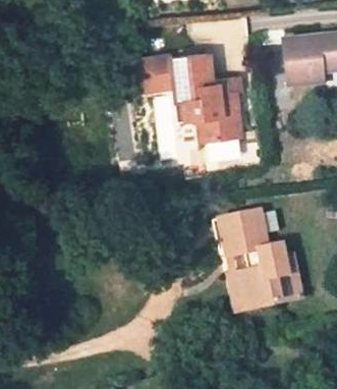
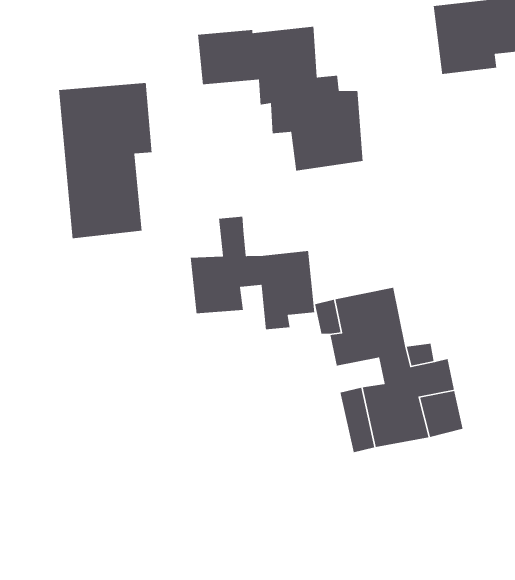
building: none -> [58,82,152,239]
building: none -> [190,216,315,330]

